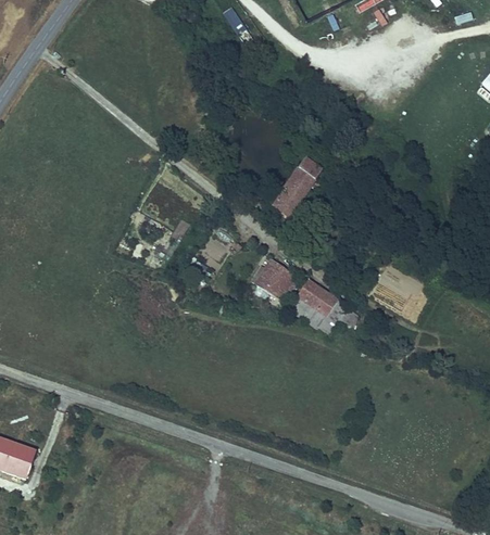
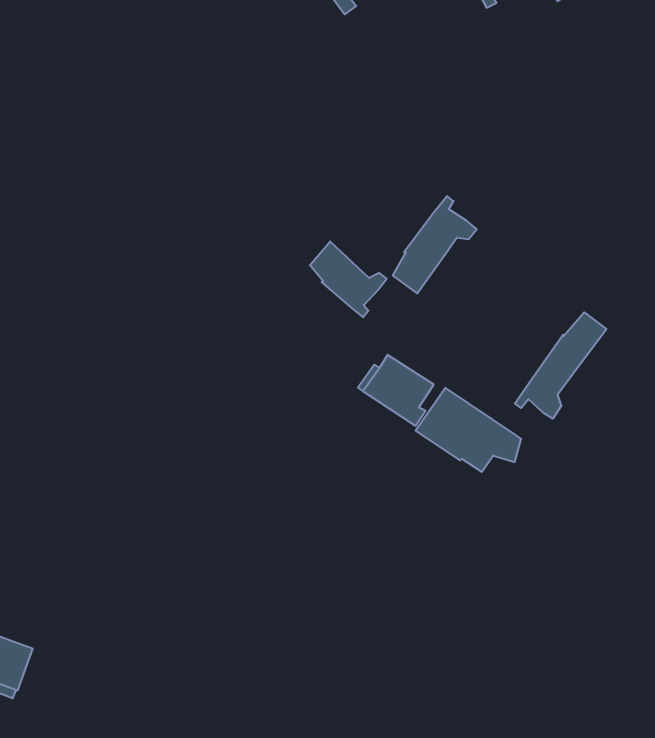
building: none -> [310,241,387,317]
building: none -> [515,312,606,419]

